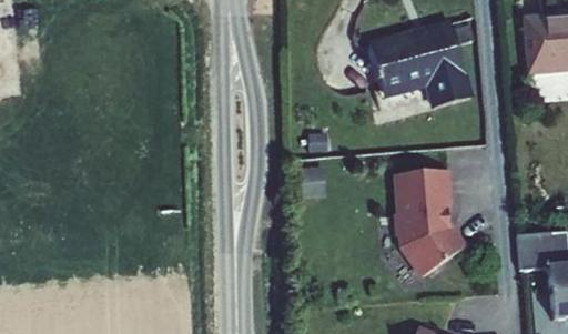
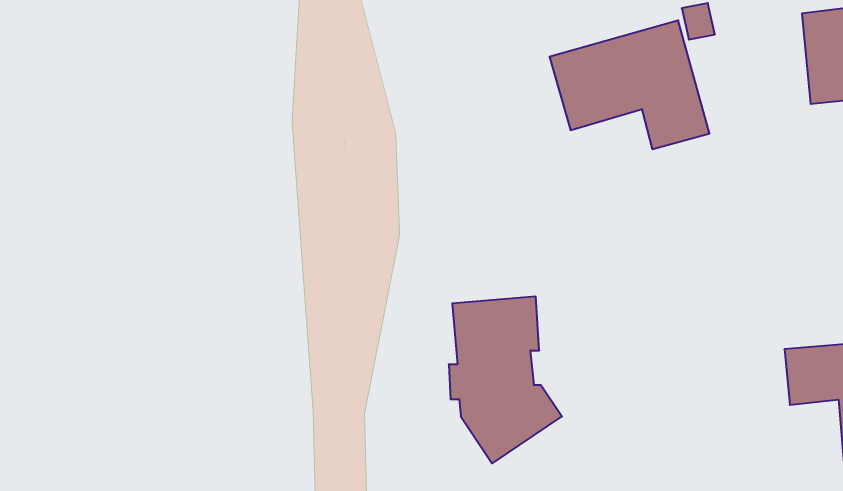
building: [394,169,466,275] -> [449,296,562,463]

